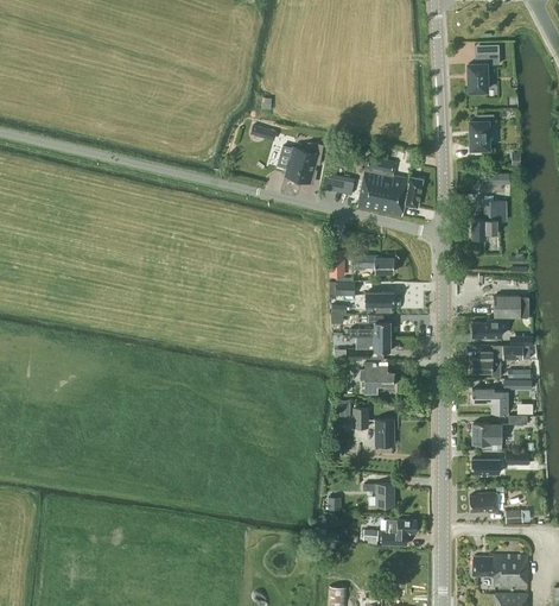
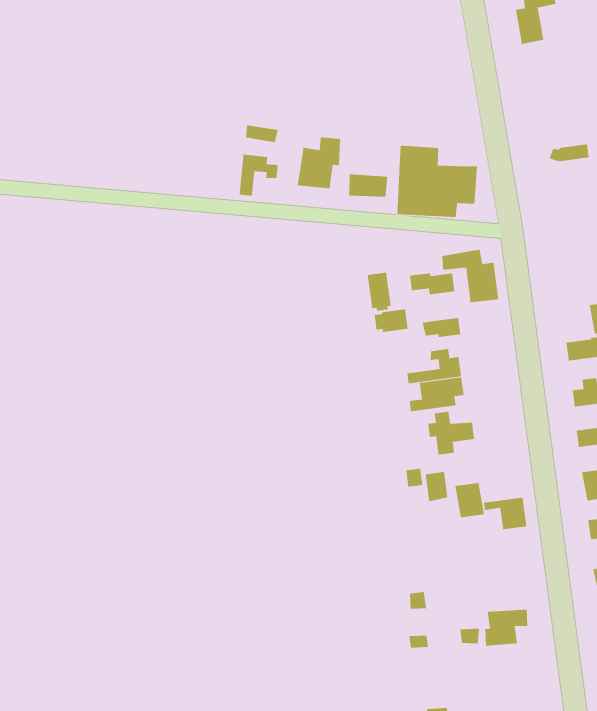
building: [470,114,494,149] -> none
building: none -> [239,154,278,196]
building: [471,201,497,239] -> none
building: none -> [442,249,499,303]
building: [363,484,394,506] -> [483,497,527,530]

